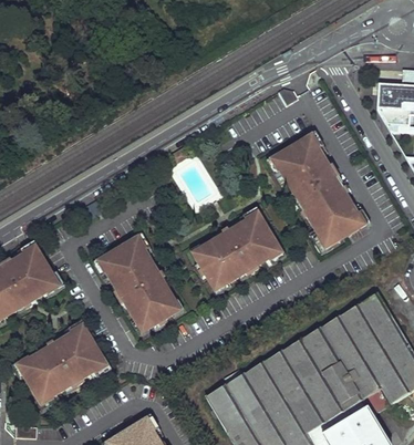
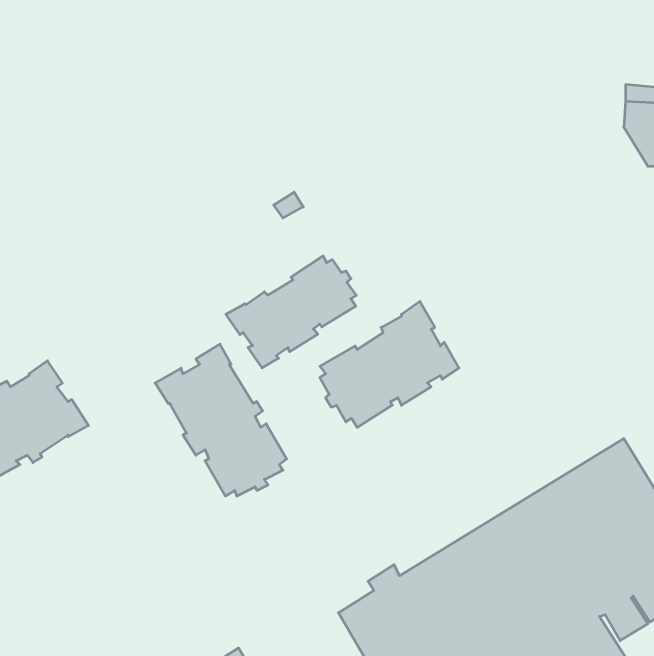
building: [270,135,363,246] -> none
building: none -> [226,256,356,368]
building: [18,325,105,404] -> none

